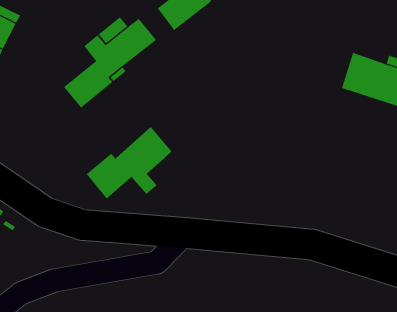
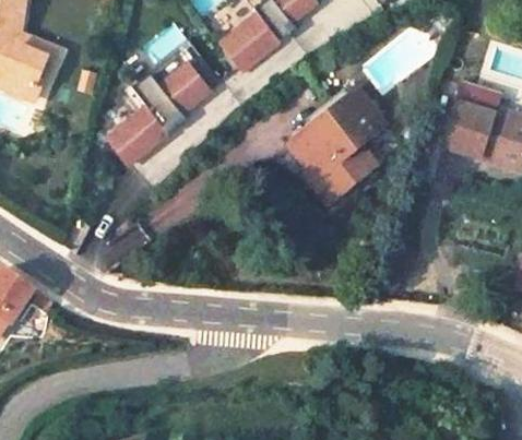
building: none -> [290,97,375,203]
building: [86,126,172,199] -> none

